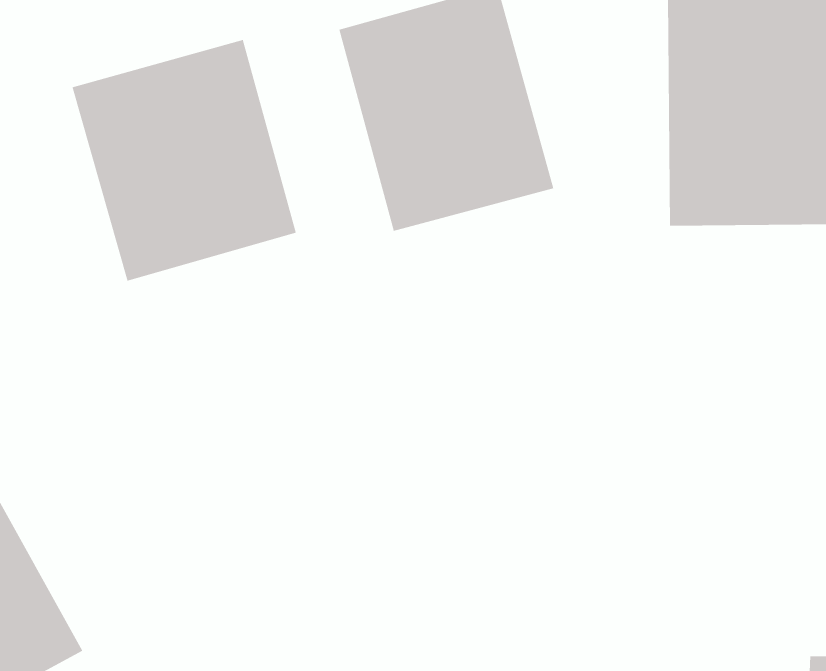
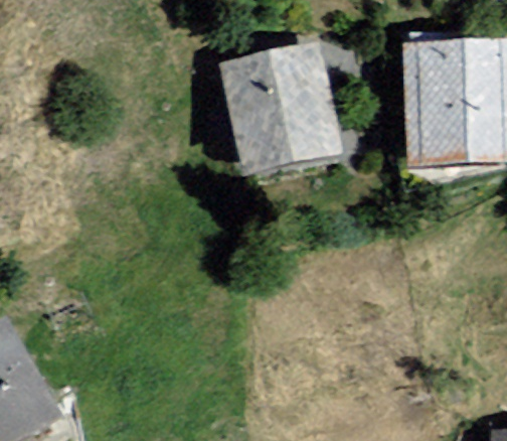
building: [72,39,297,281] -> none

